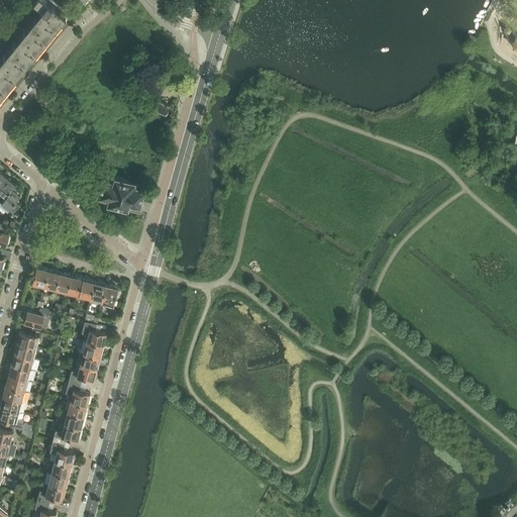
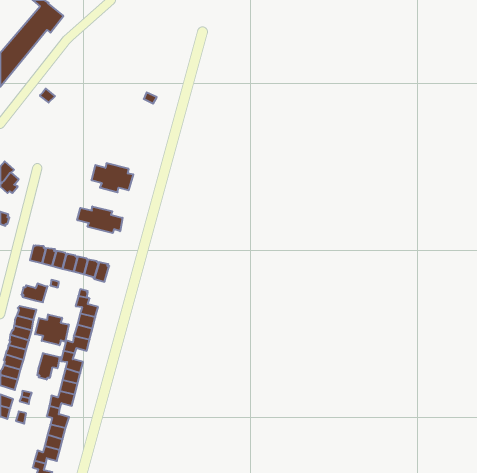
building: none -> [77,206,123,233]
building: none -> [35,314,69,345]
building: none -> [37,353,60,380]

